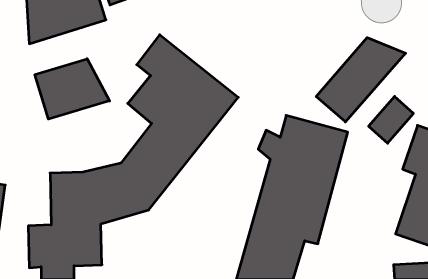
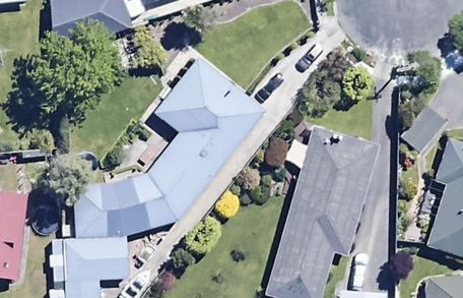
building: [316,38,406,122] -> none
building: [35,59,110,119] -> none

